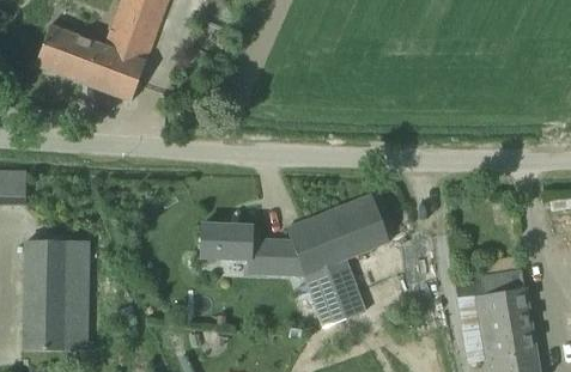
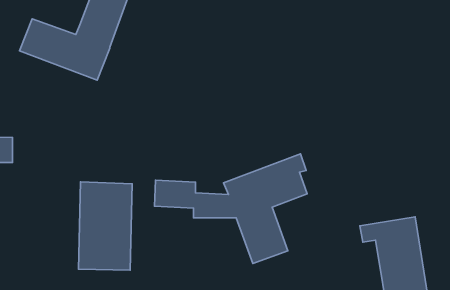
building: [23,239,89,348] -> [79,182,132,270]

